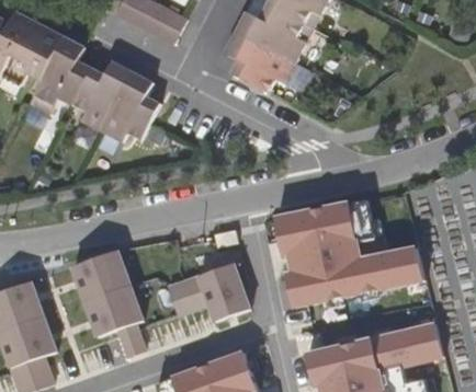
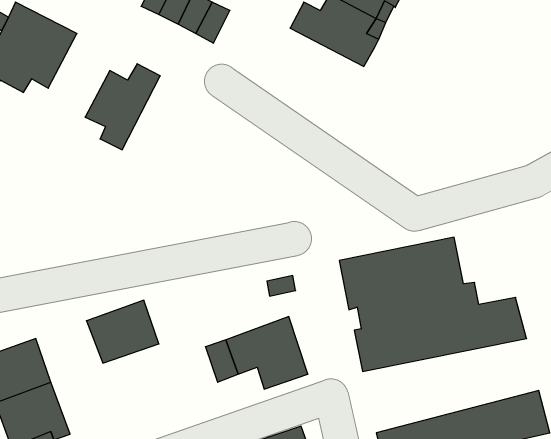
building: [224,32,294,93] -> none
building: [30,36,90,112] -> none
building: [100,70,159,141] -> none
building: [84,285,144,356] -> none

